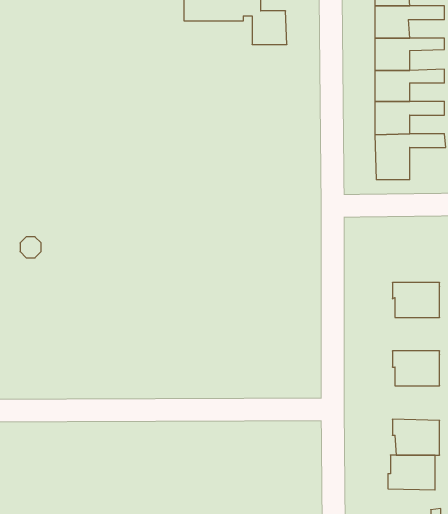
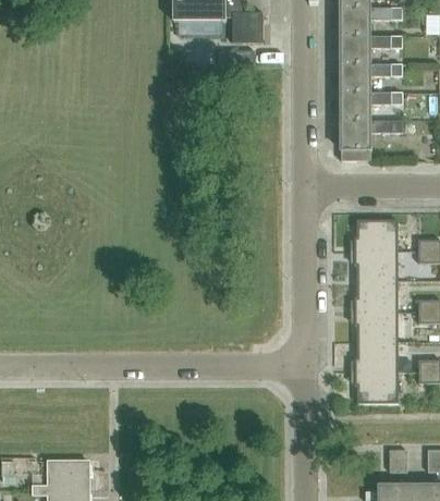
building: none -> [355,220,398,251]
building: none -> [356,281,398,310]
building: [388,455,435,490] -> [356,341,398,371]

